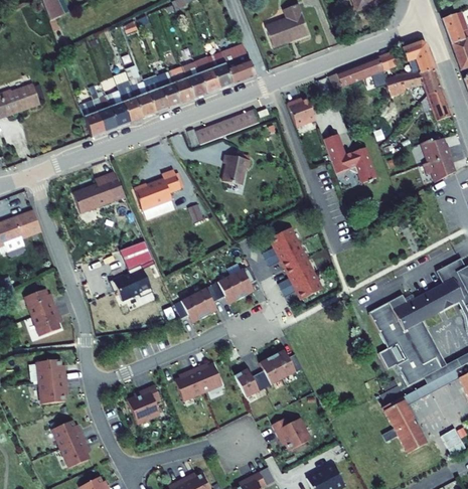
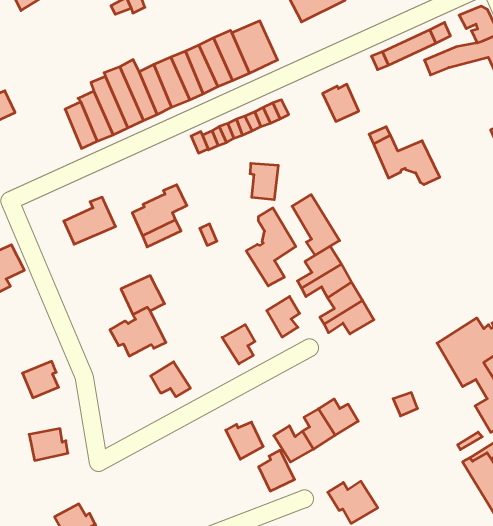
building: none -> [292,195,340,255]
building: none -> [246,208,296,286]
building: [214,276,244,304] -> none
building: [26,286,57,313] -> none
building: [176,295,207,323] -> [151,362,190,397]
building: [175,369,203,401] -> [259,450,295,491]
building: [38,379,67,404] -> none
building: [128,385,161,425] -> none

